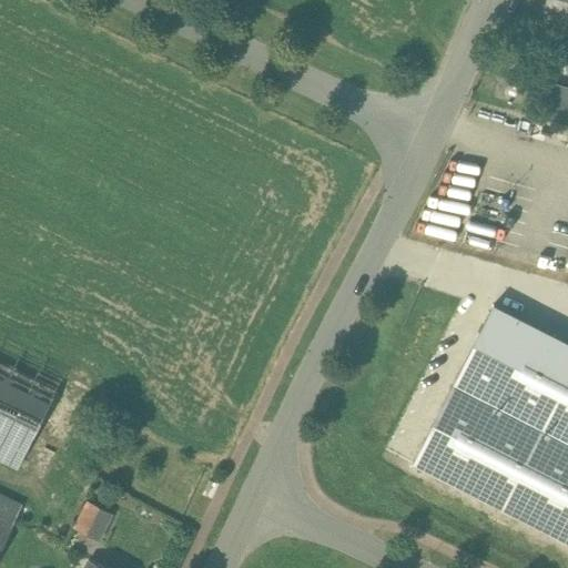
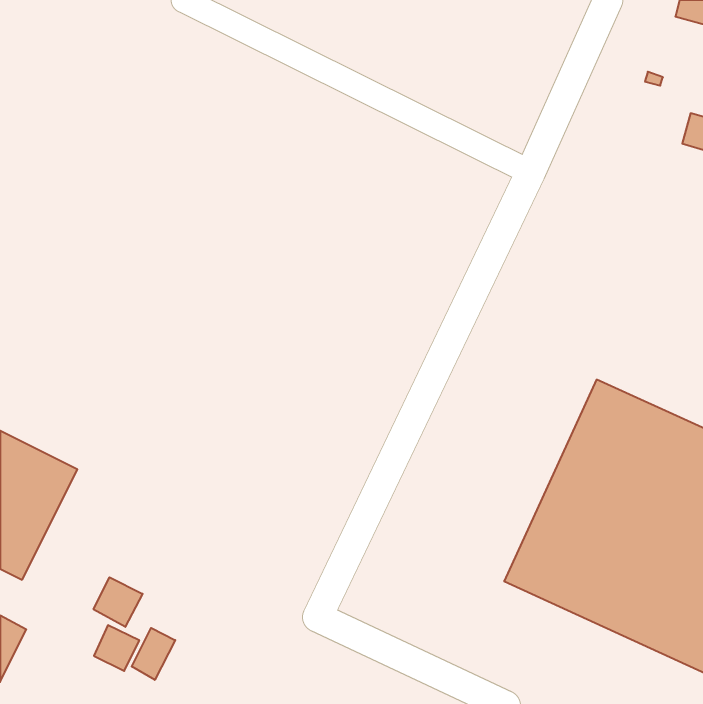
building: none -> [94,577,143,627]
building: none -> [132,628,175,680]

